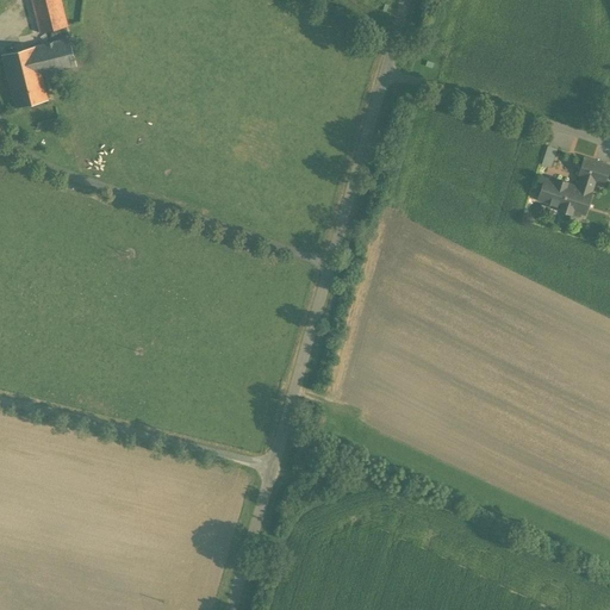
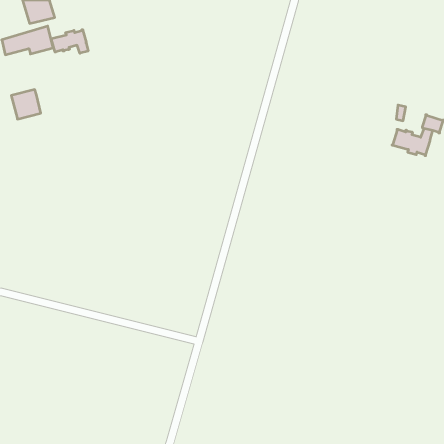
building: none -> [51,30,88,53]
building: [7,67,48,107] -> [11,90,41,119]

